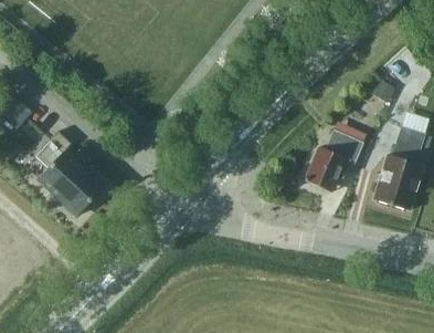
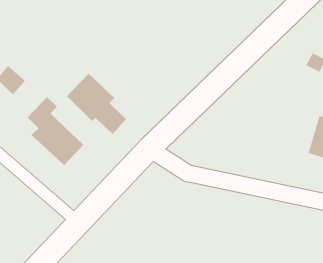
building: none -> [66,73,127,135]
building: [305,128,363,190] -> none

